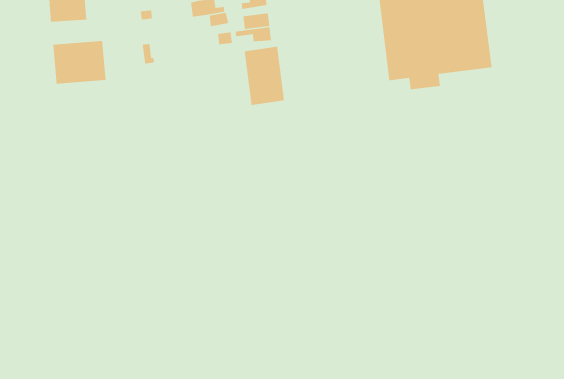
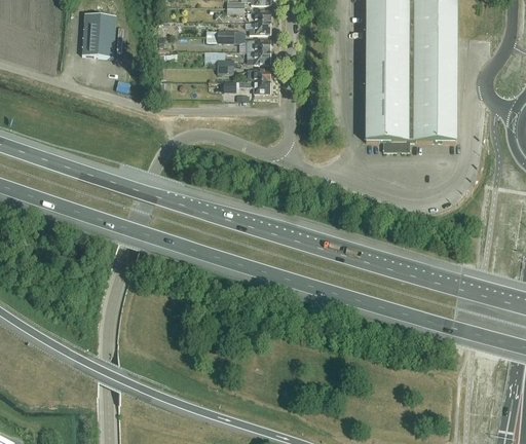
building: [52,40,106,84] -> none
building: [244,46,285,106] -> none

